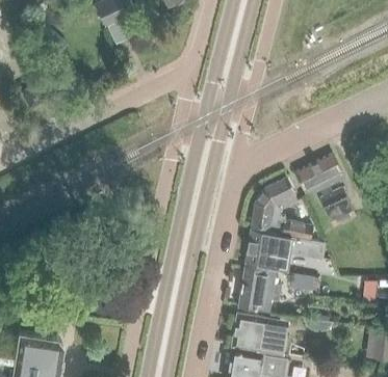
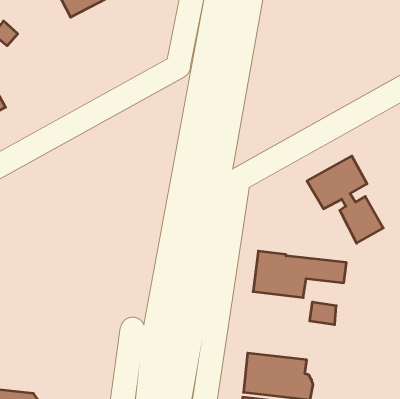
building: [251,179,312,242] -> none
building: [238,268,281,314] -> none

